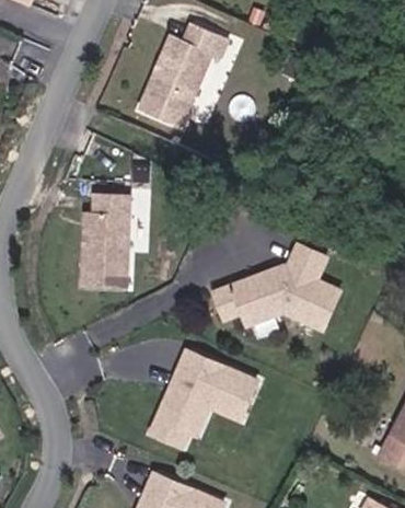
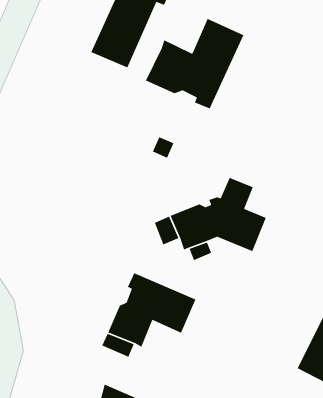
building: none -> [145,18,244,110]
building: [83,193,132,287] -> none

